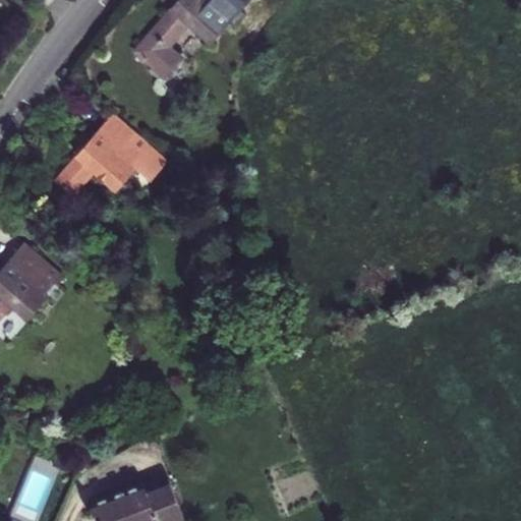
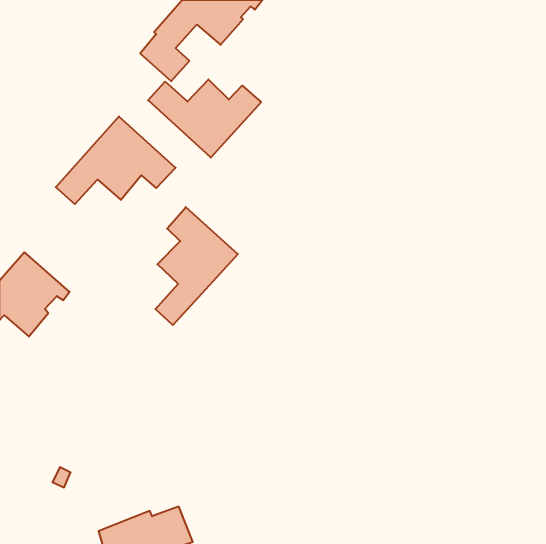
building: none -> [148,79,261,158]
building: none -> [155,207,238,325]

